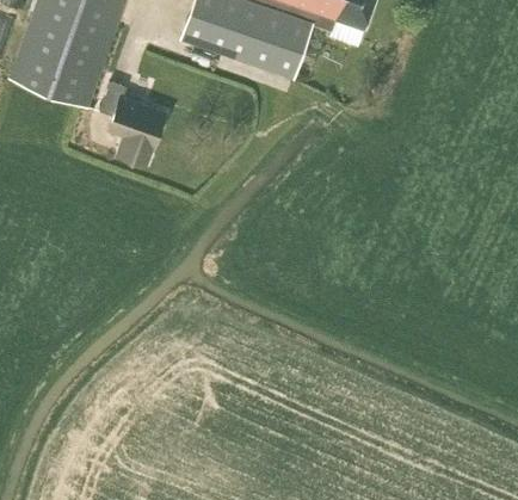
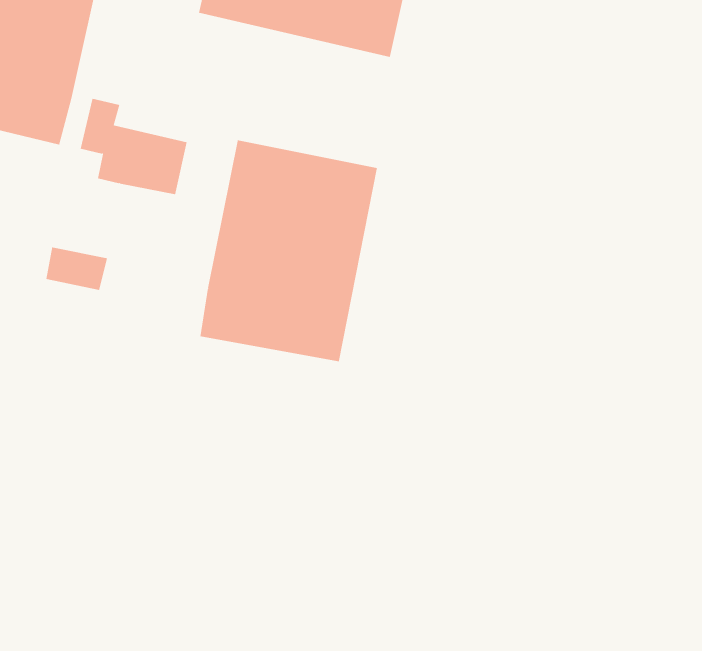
building: none -> [200,140,377,362]
building: [115,135,154,165] -> [45,247,108,291]

